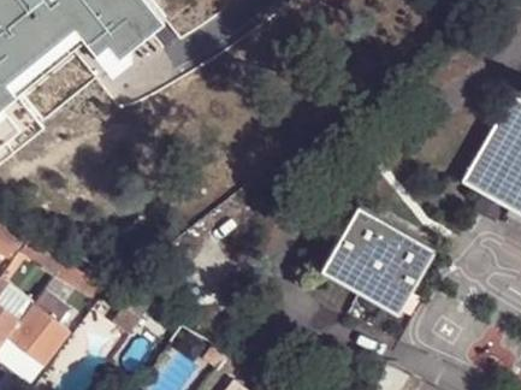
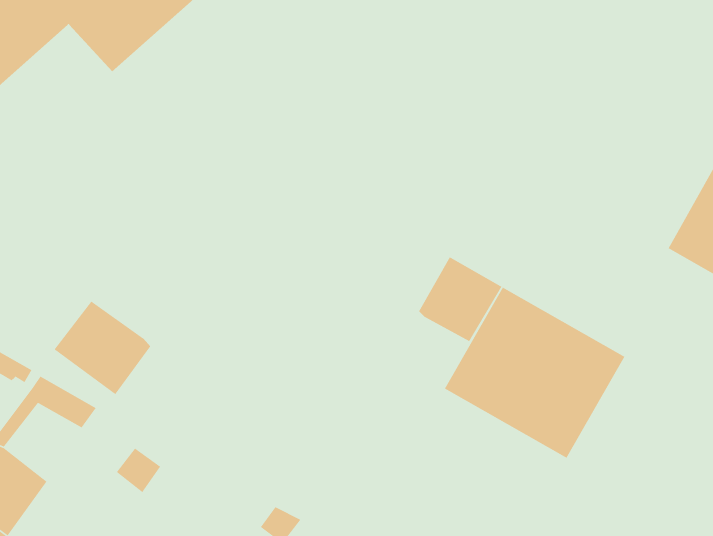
building: none -> [418,256,502,342]
building: none -> [53,301,151,395]

